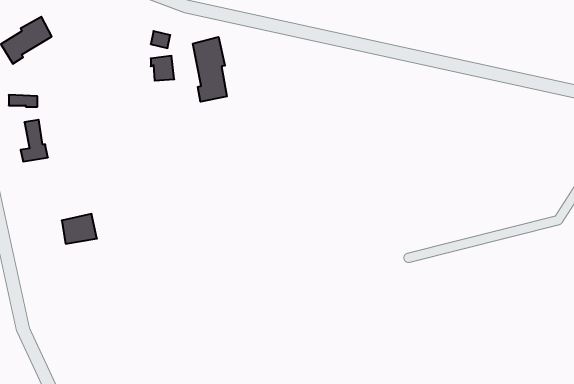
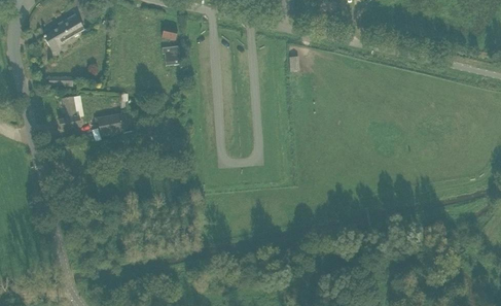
building: [193,37,227,102] -> none
building: [62,214,97,244] -> [97,112,124,136]

